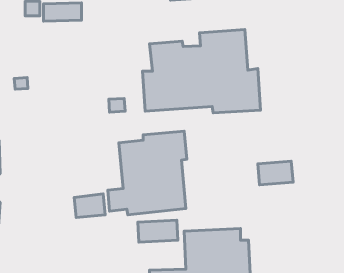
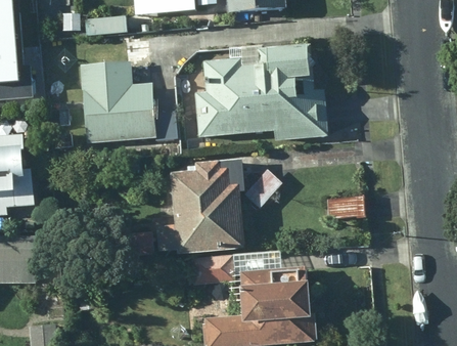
building: none -> [79,59,155,140]

